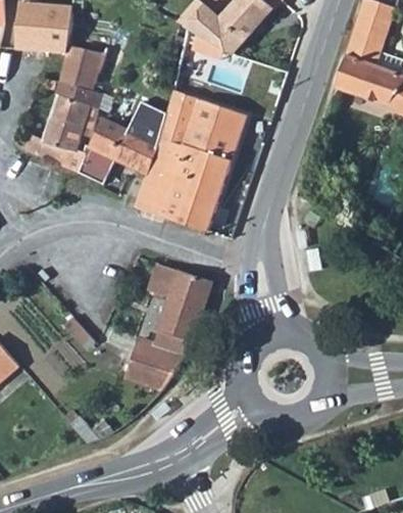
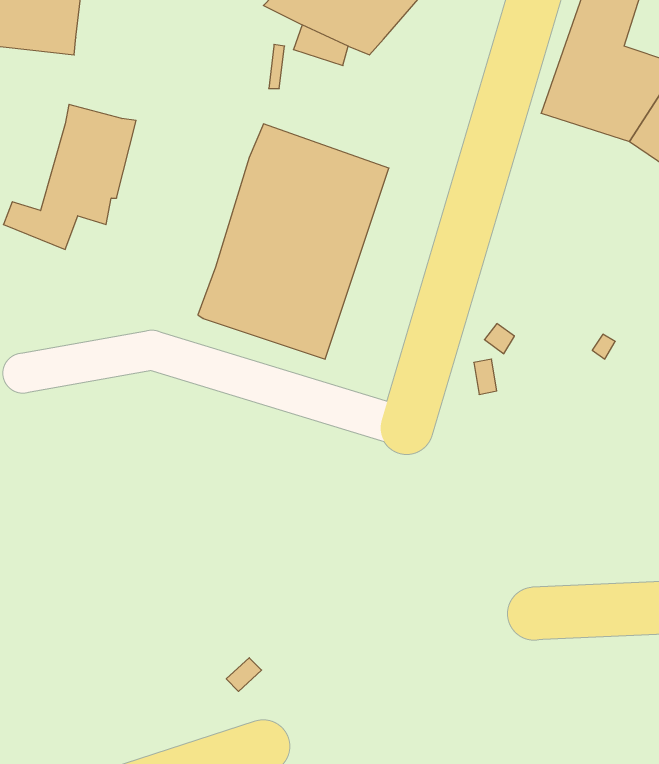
building: [61,42,105,89] -> none
building: [59,103,165,184] -> none
building: [129,263,210,388] -> none

